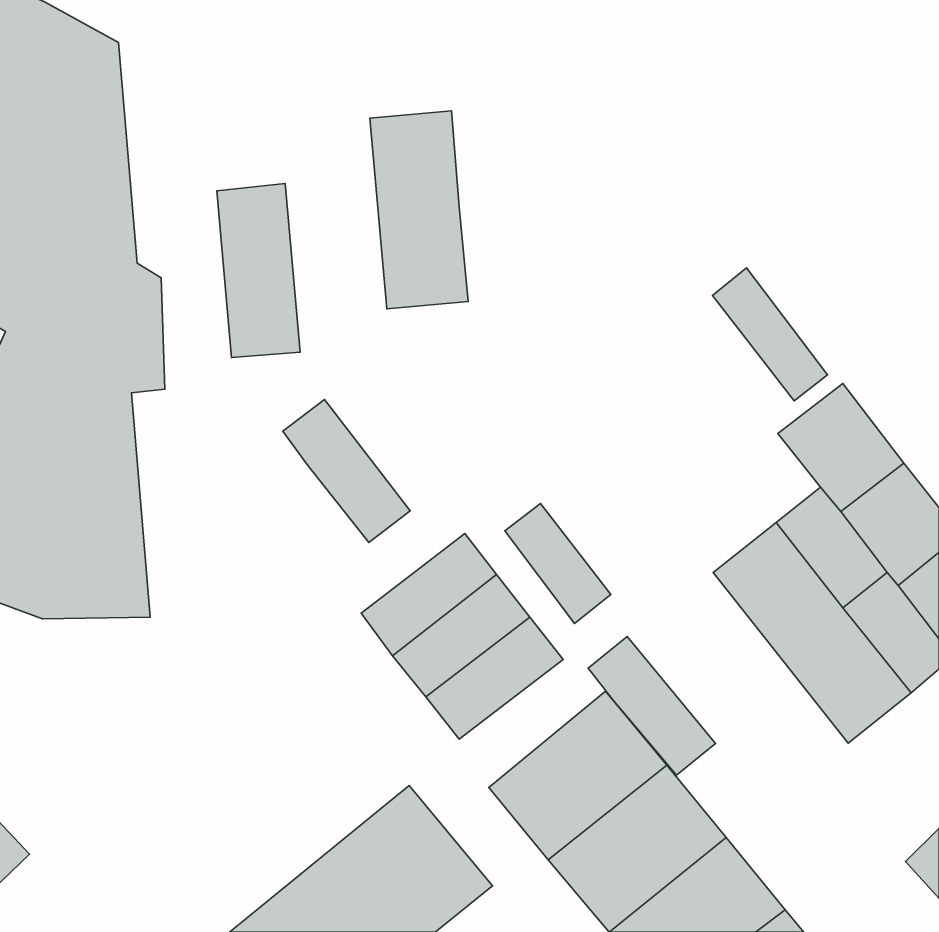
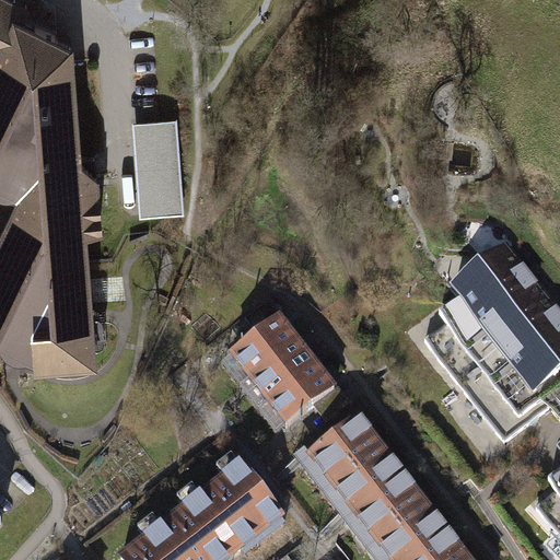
building: [370,111,468,309] -> none
building: [713,268,828,401] -> none
building: [283,400,410,542] -> none
building: [505,503,611,624] -> none
building: [588,637,715,775] -> none

